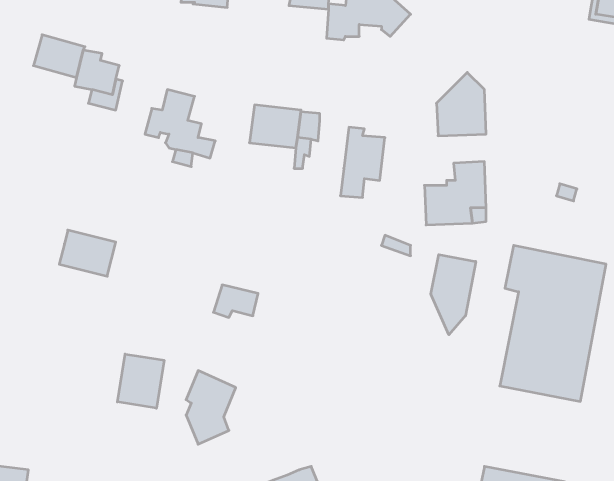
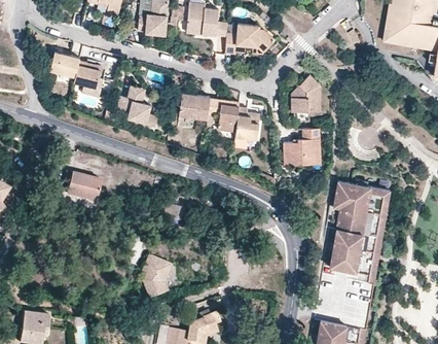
building: none -> [219,104,240,133]
building: [431,255,476,335] -> none
building: [117,354,164,408] -> none

